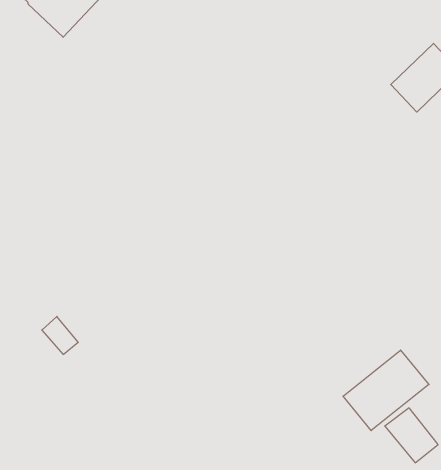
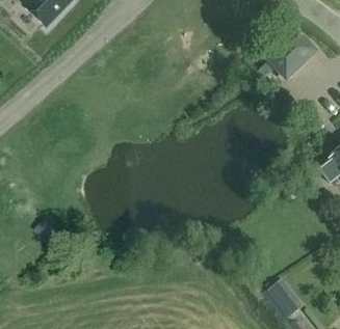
building: [343,350,429,431] -> none

